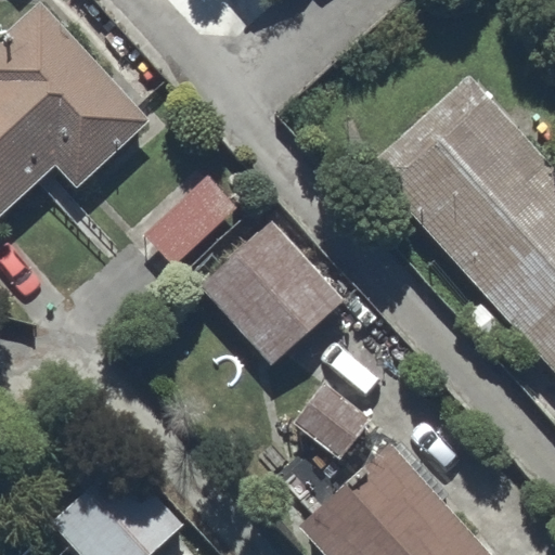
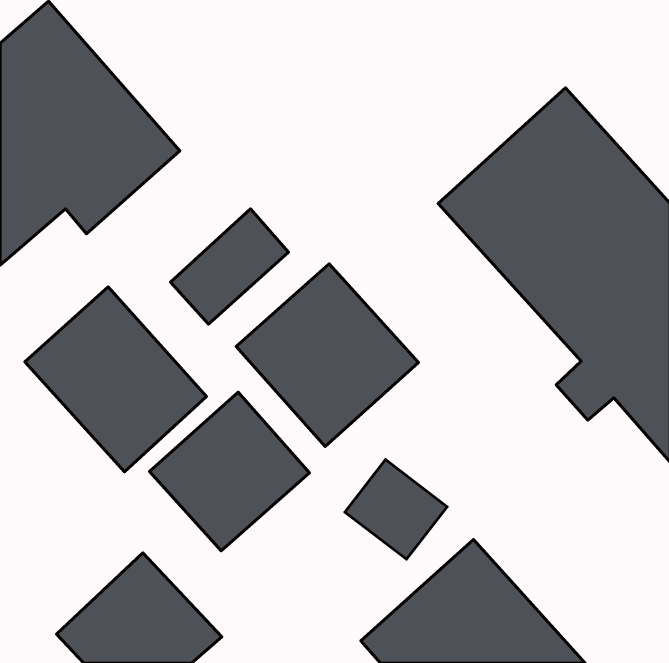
building: none -> [25,287,207,472]
building: none -> [150,392,309,551]

